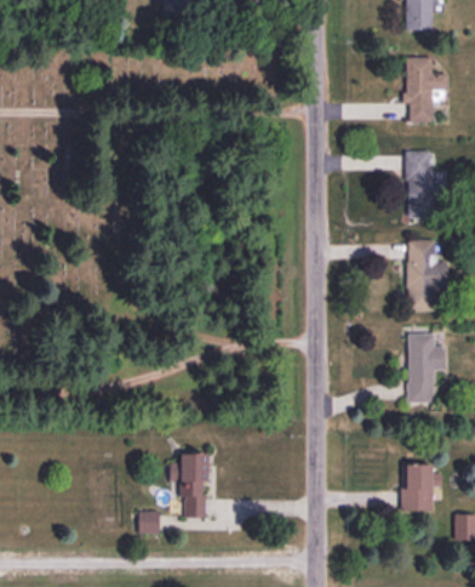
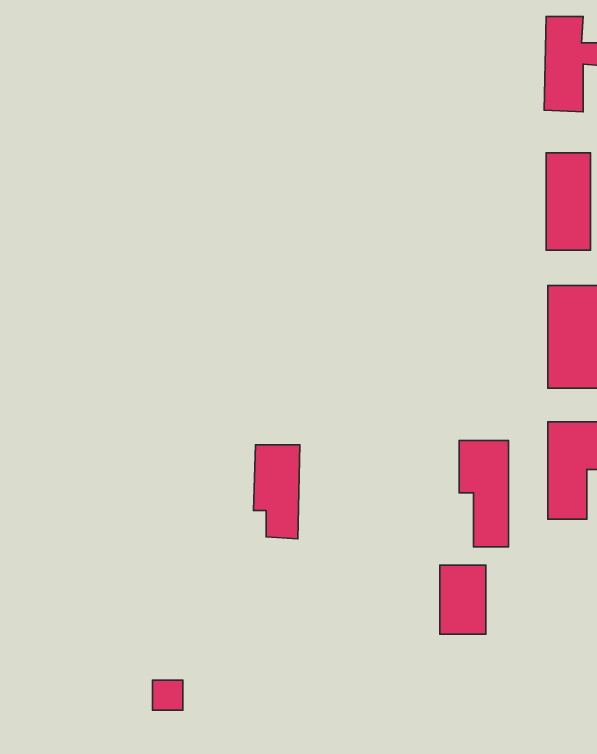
building: none -> [459,440,508,547]
building: [174,452,206,517] -> [254,445,300,539]
building: [400,465,431,512] -> [440,565,486,634]

